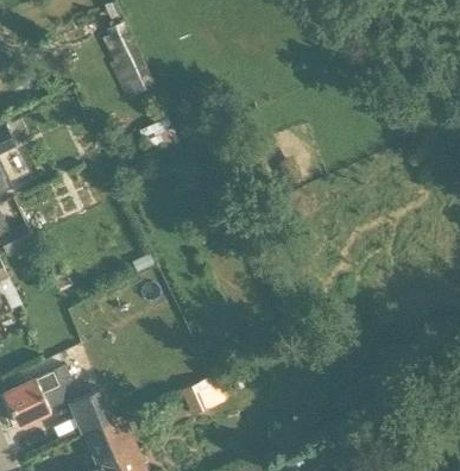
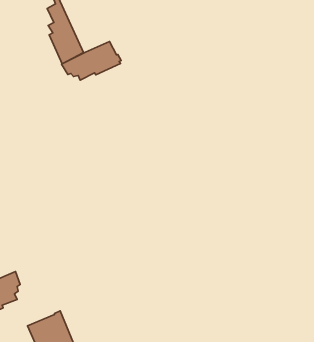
building: none -> [62,42,121,80]
building: [68,389,115,434] -> none

